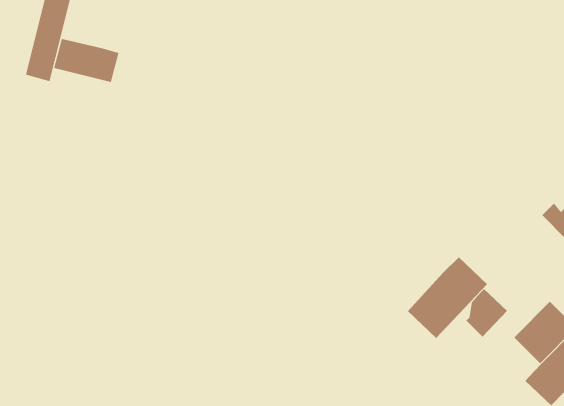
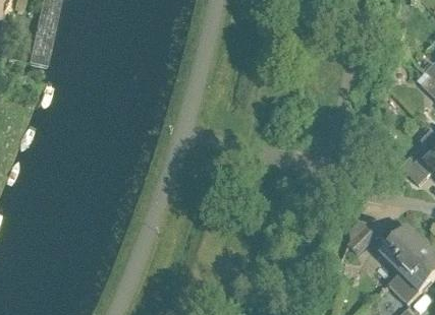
building: [54,38,119,83] -> none
building: [407,256,488,339] -> none

